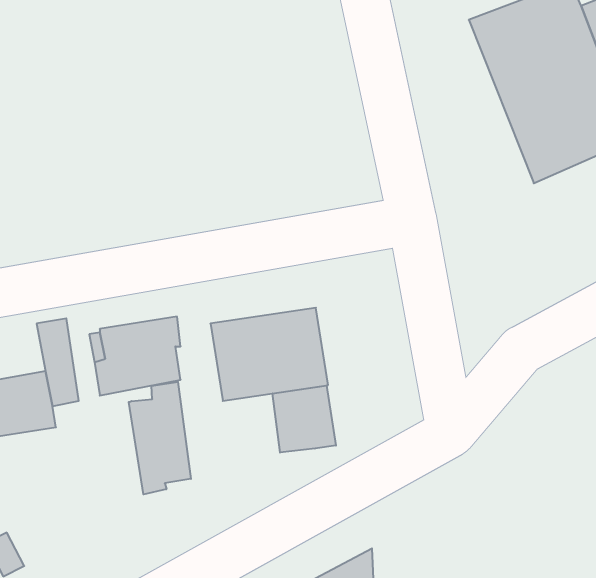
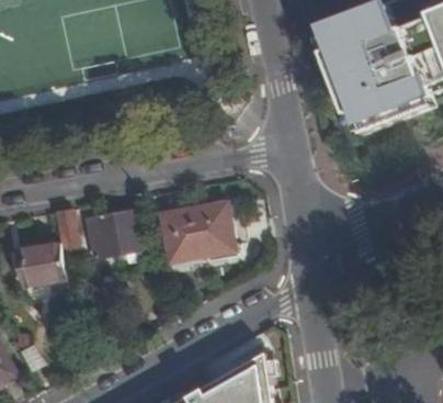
building: [129,382,191,494] -> none
building: [273,385,336,453] -> none

